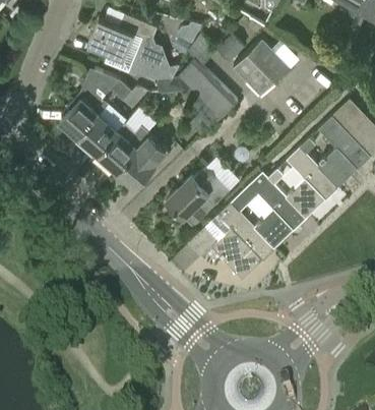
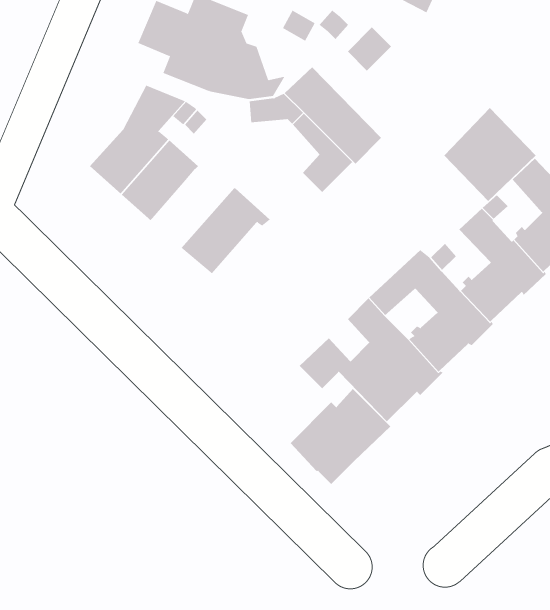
building: [234,37,291,95] -> [443,107,537,202]
building: [98,122,150,170] -> none
building: [167,166,229,225] -> [290,388,391,485]

